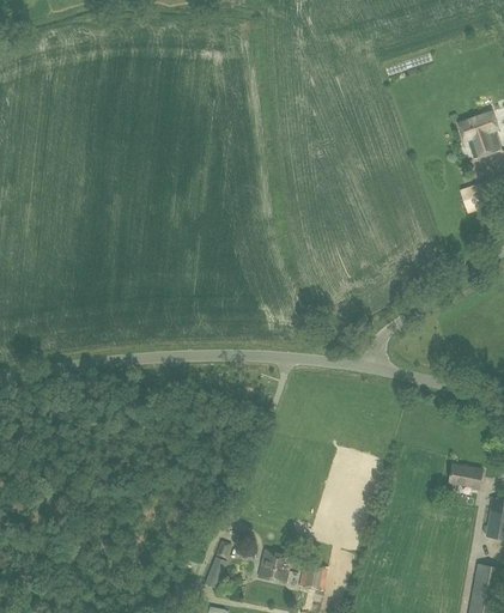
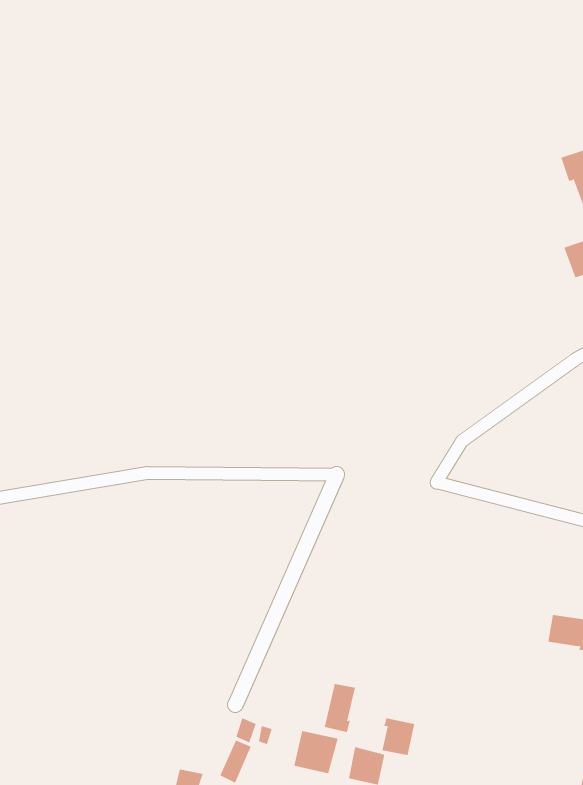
building: none -> [324,683,355,733]
building: none -> [382,717,415,756]

